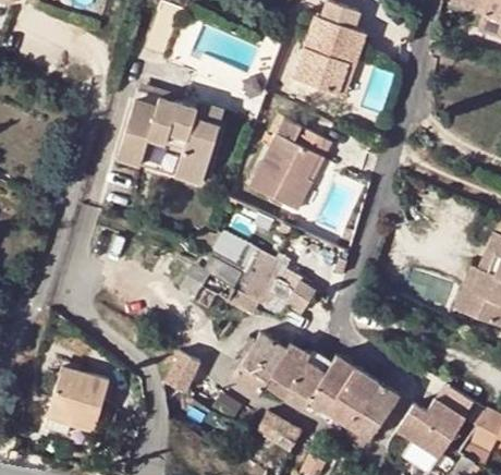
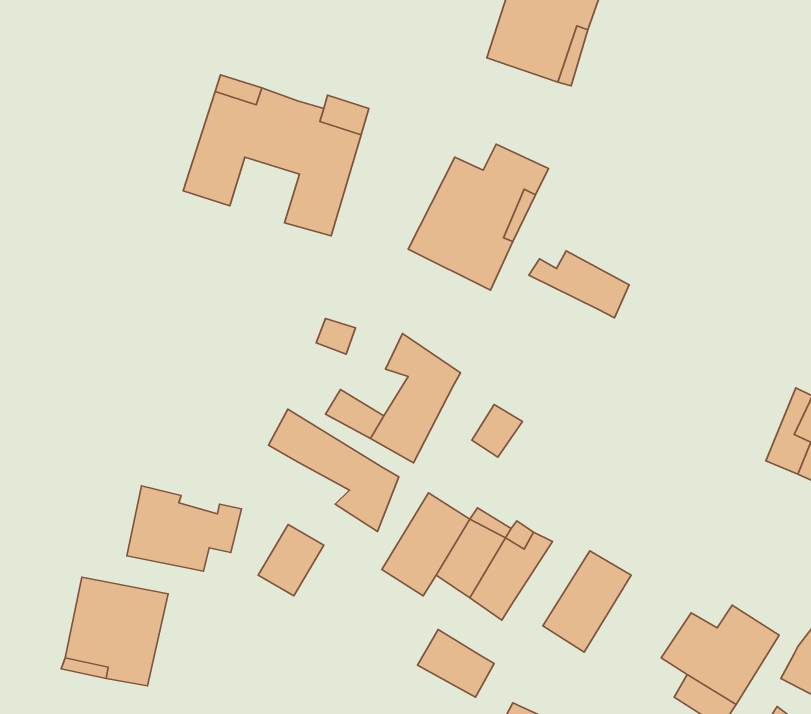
building: none -> [529,251,629,318]
building: none -> [268,409,399,532]
building: none -> [127,486,241,571]
building: [308,355,354,410] -> none
building: [351,380,398,436] -> none

